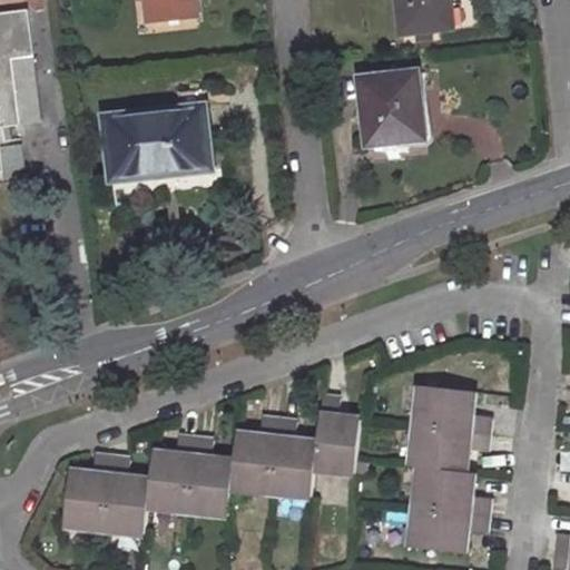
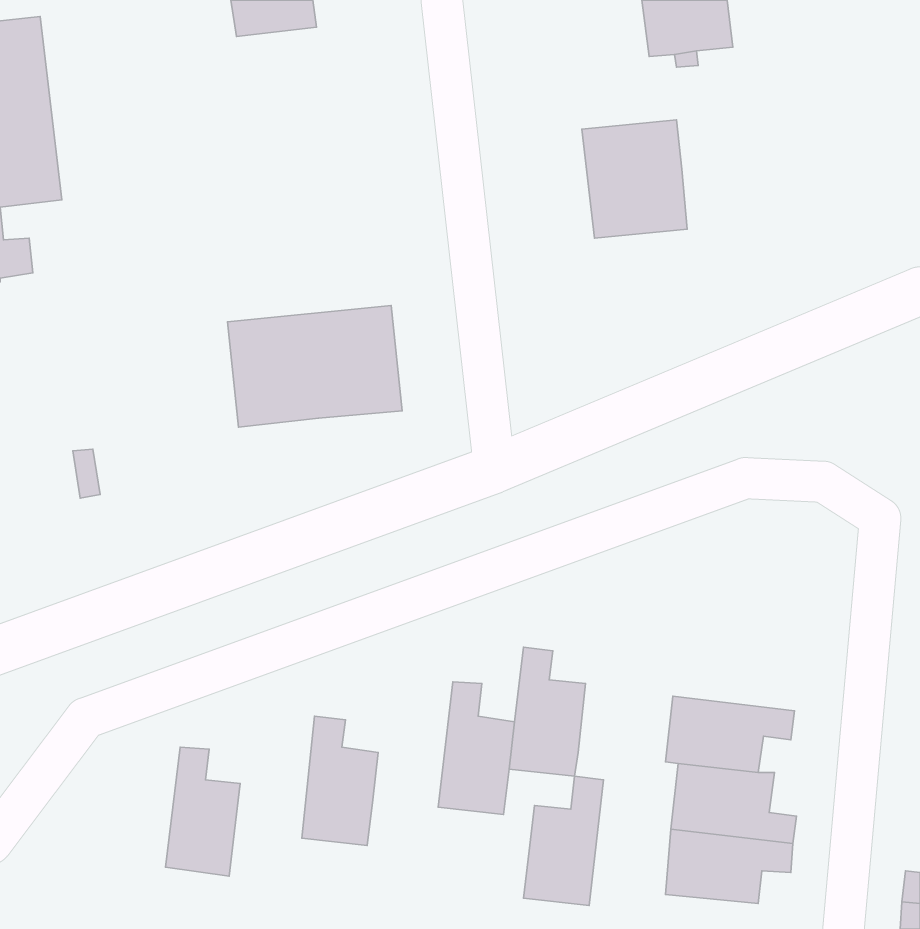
building: [101,107,208,181] -> [228,305,402,427]
building: [412,386,489,435] -> none
building: [228,415,277,494] -> [524,776,604,905]
building: [144,436,193,513] -> none
building: [61,455,110,531] -> none

